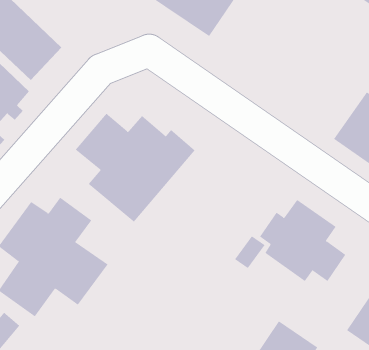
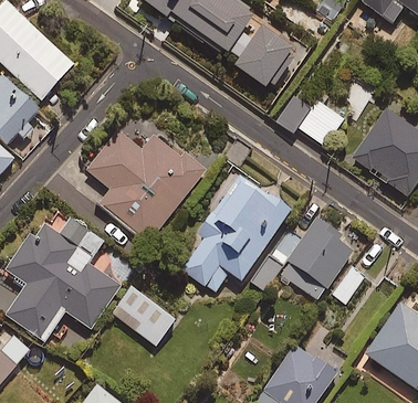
building: none -> [227,23,297,88]
building: none -> [276,95,345,153]
building: none -> [180,169,288,293]
building: none -> [112,286,176,346]

